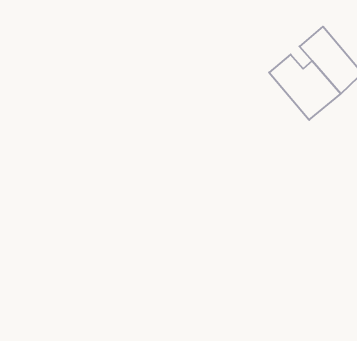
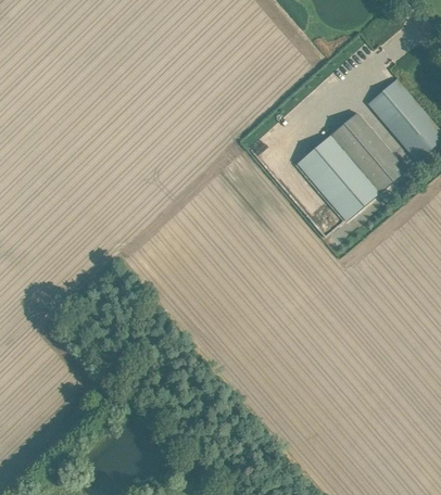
building: none -> [295,132,378,218]

